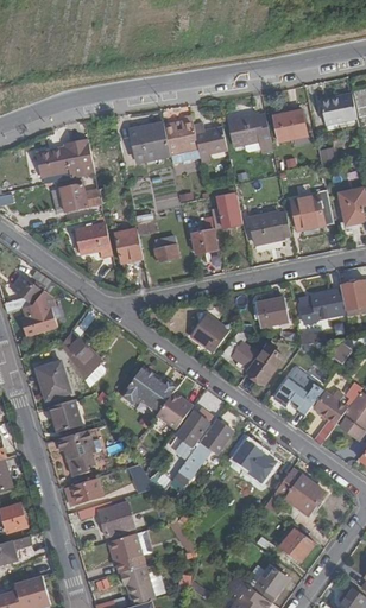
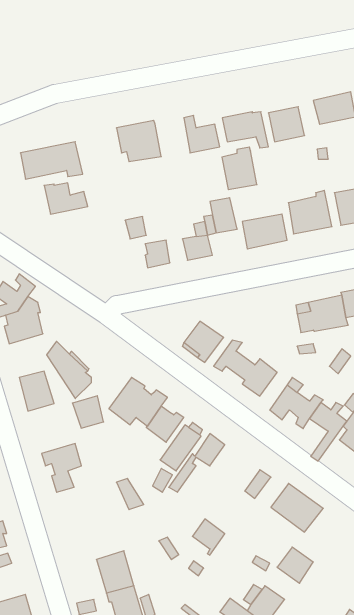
building: [164,116,197,157] -> [222,147,257,190]
building: [74,223,112,258] -> none
building: [115,229,143,261] -> none
building: [255,297,288,327] -> none
building: [48,399,77,430] -> [72,396,104,428]
building: [233,441,264,475] -> [192,519,225,555]
building: [64,479,100,504] -> none
building: [76,501,133,536] -> none

